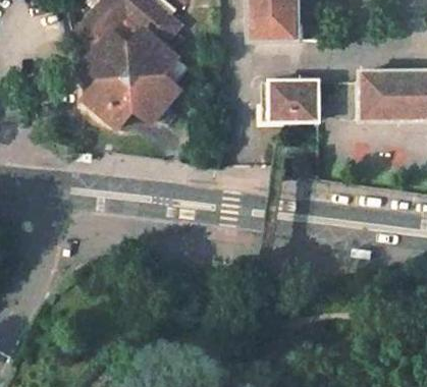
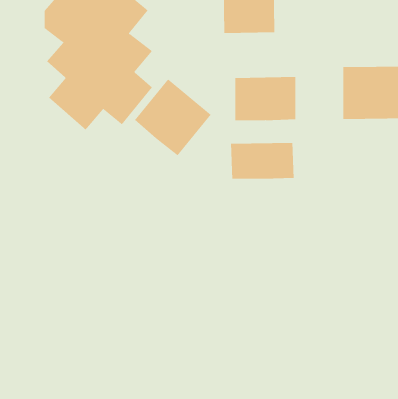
building: none -> [134,78,211,156]
building: none -> [230,142,294,180]

